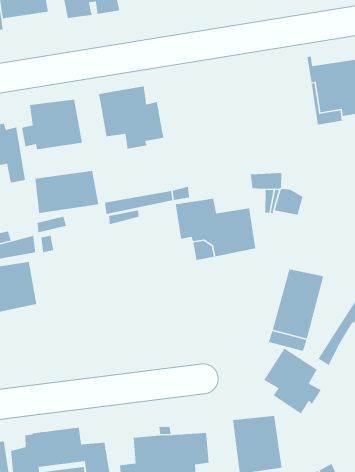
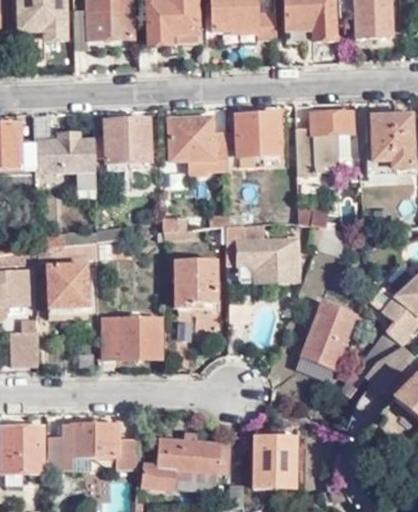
building: none -> [297,111,354,176]
building: none -> [228,114,281,169]
building: [34,170,99,214] -> none
building: none -> [173,258,218,306]
building: none -> [103,318,162,357]
building: [263,348,322,414] -> none

